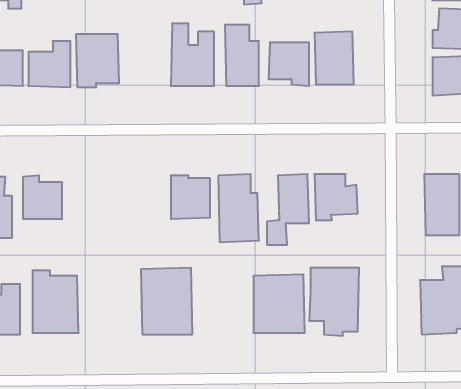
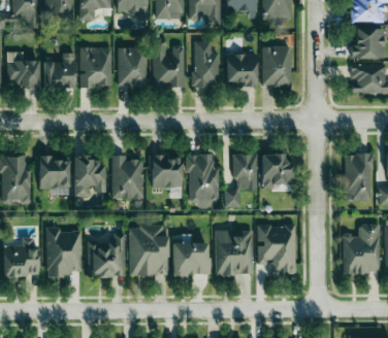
building: none -> [118,46,147,87]
building: none -> [111,155,143,198]
building: none -> [73,156,106,197]
building: none -> [88,233,125,276]
building: none -> [171,242,208,275]

